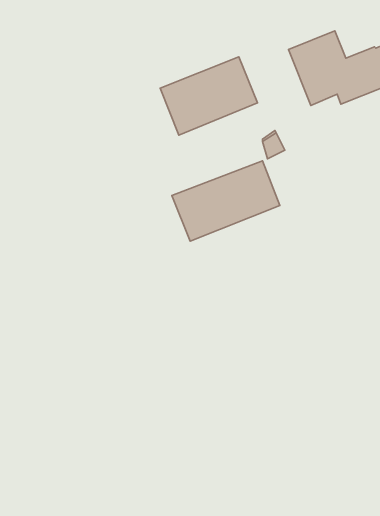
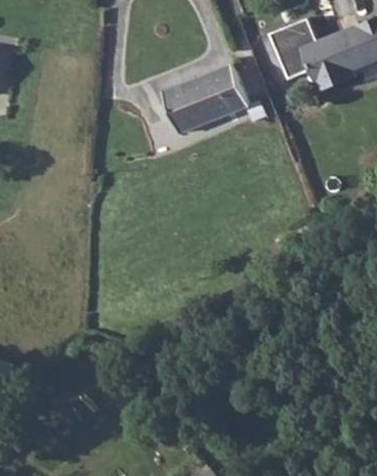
building: [172,161,280,241] -> none

